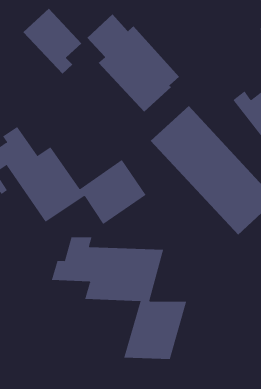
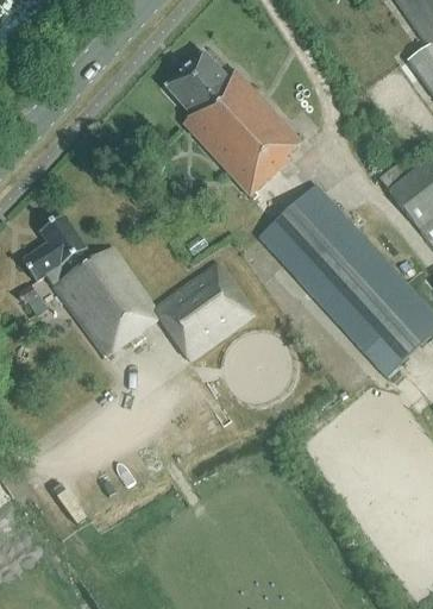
building: [23,8,82,74] -> none
building: [51,237,187,360] -> none

